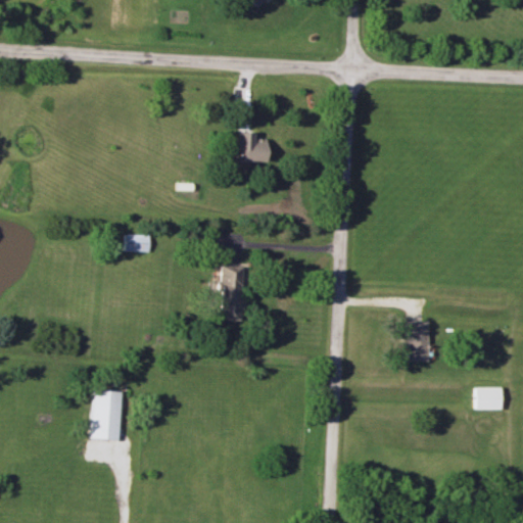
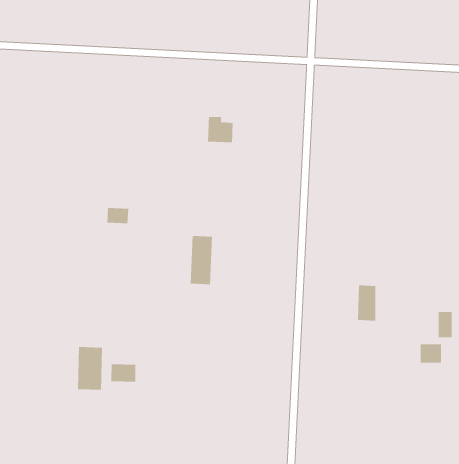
building: none -> [438,311,452,338]
building: none -> [111,364,136,382]

